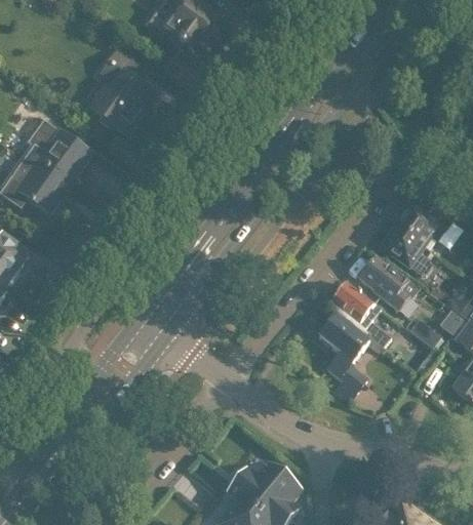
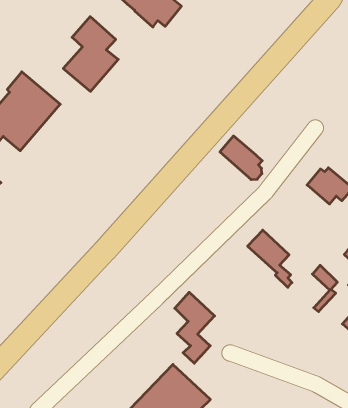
building: [381,225,433,275] -> [220,136,262,180]
building: [359,256,420,310] -> none
building: [320,316,368,400] -> [175,292,215,363]

